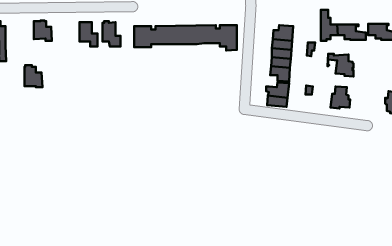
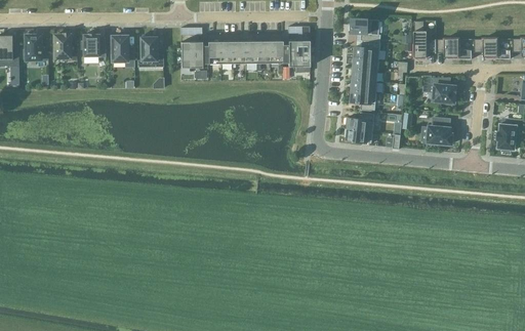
building: none -> [352,17,381,41]
building: none -> [81,34,106,56]
building: [24,65,42,87] -> [26,33,48,60]

